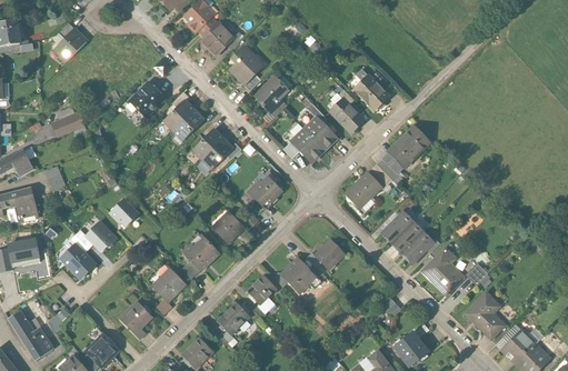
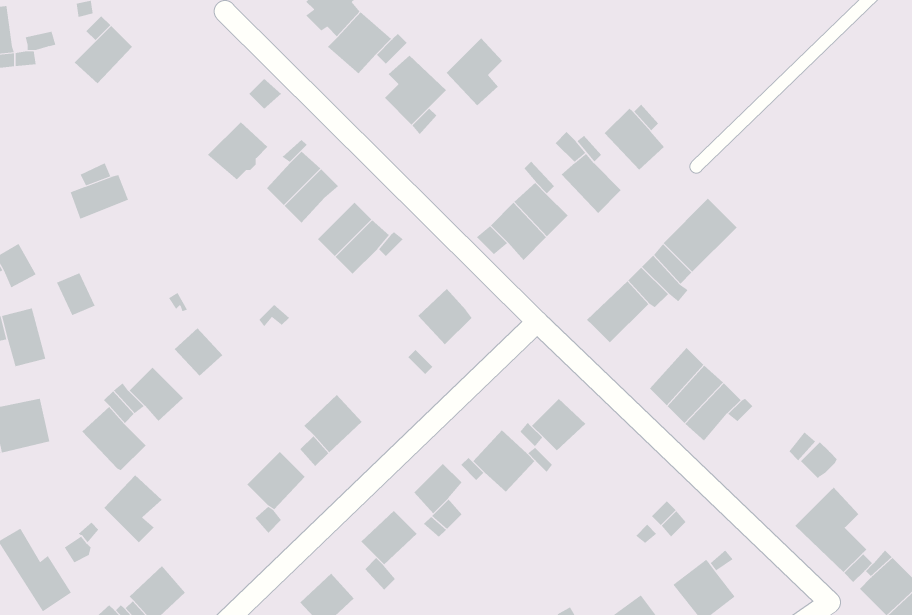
building: [256,77,288,116] -> [446,37,503,106]
building: [211,211,245,243] -> none
building: [419,245,464,294] -> none
building: [119,301,152,340] -> [104,474,163,543]

